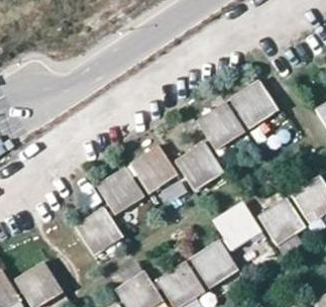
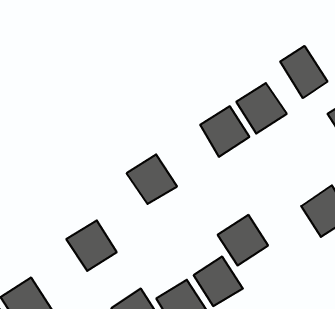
building: none -> [280,46,327,98]
building: [176,144,221,190] -> none
building: [98,169,143,214] -> none
building: [257,198,304,244] -> none

